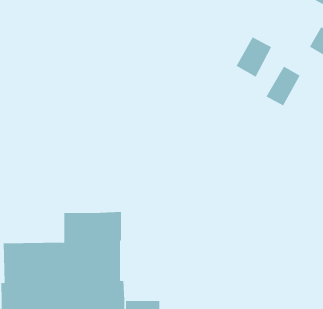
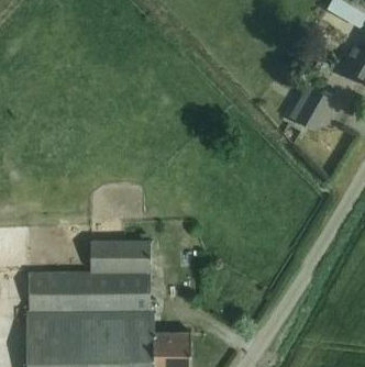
building: [236,36,272,78] -> none

